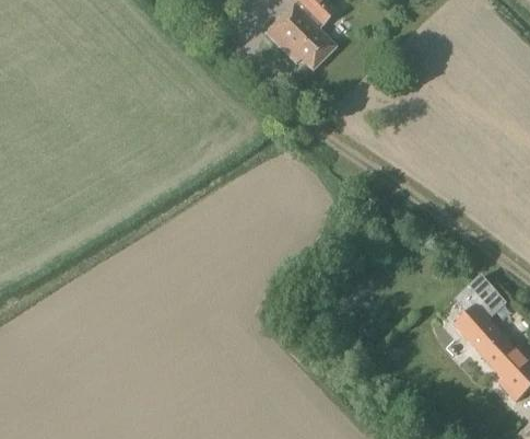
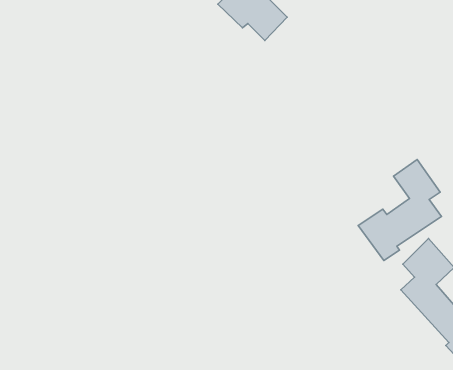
building: none -> [358,160,442,260]

